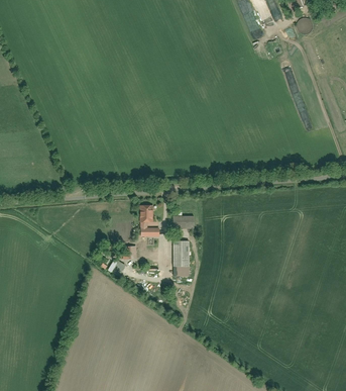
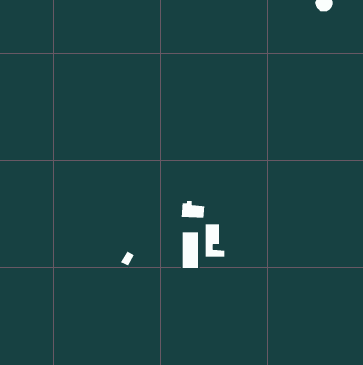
building: [140,203,159,235] -> [205,223,225,258]

